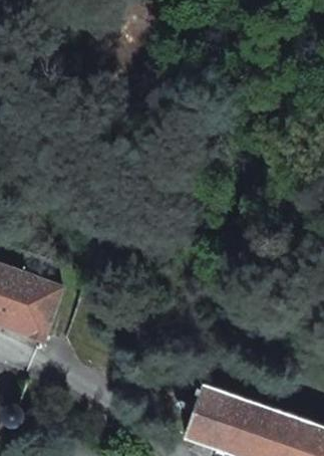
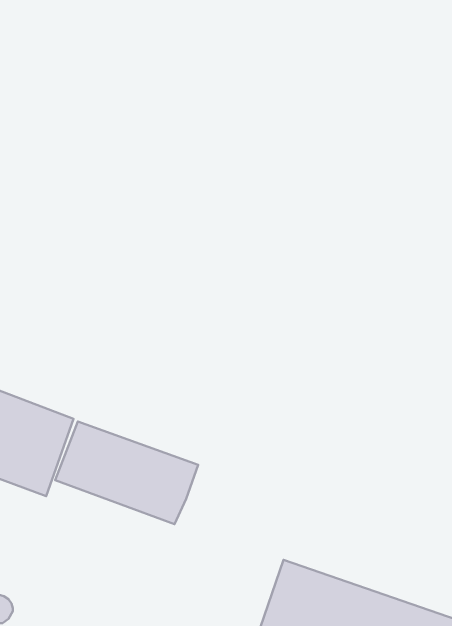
building: none -> [55,421,198,524]

